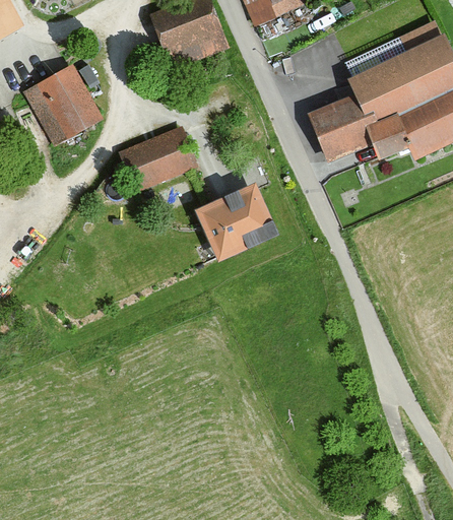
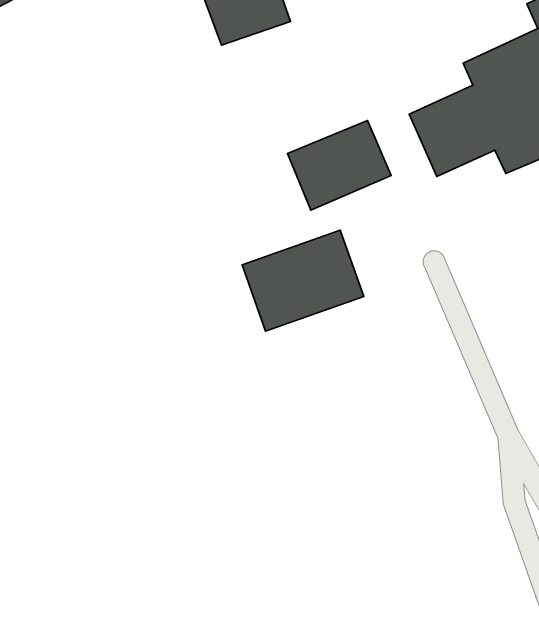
building: [28,68,96,137] -> none
building: [117,123,193,189] -> [287,120,391,210]

